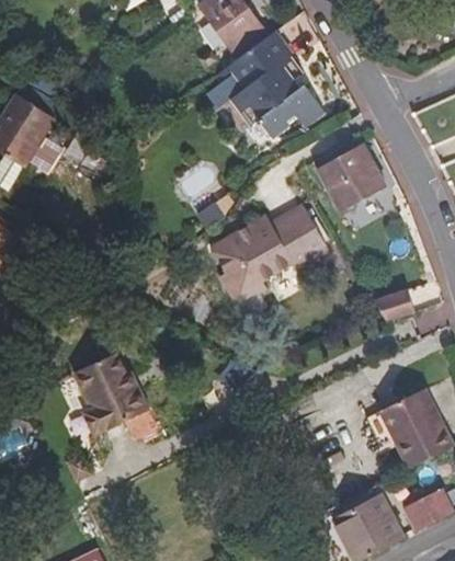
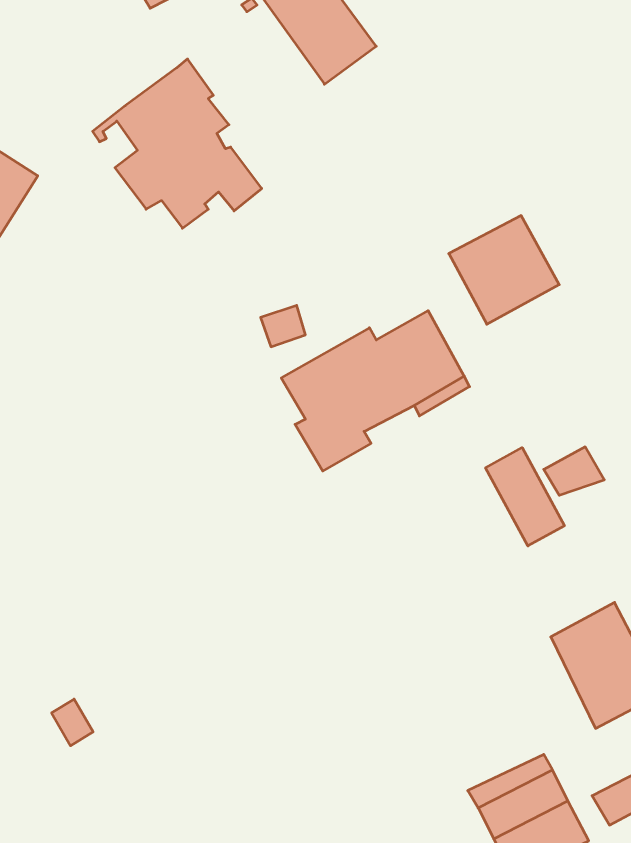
building: [216,31,323,138] -> [93,59,262,228]
building: none -> [486,448,564,546]
building: [73,353,150,436] -> none

